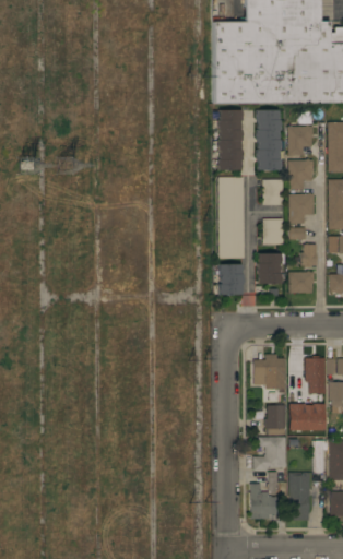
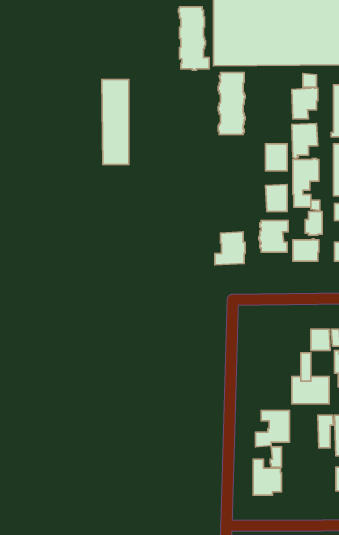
building: [255,110,284,171] -> [179,7,209,70]
building: [217,177,244,259] -> [102,80,129,164]
building: [253,355,285,390] -> none
building: [264,405,285,435] -> none
building: [288,473,310,521] -> none

